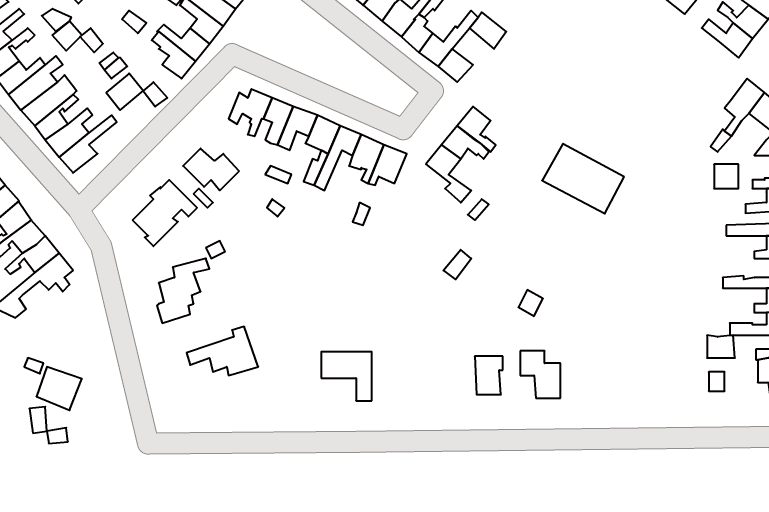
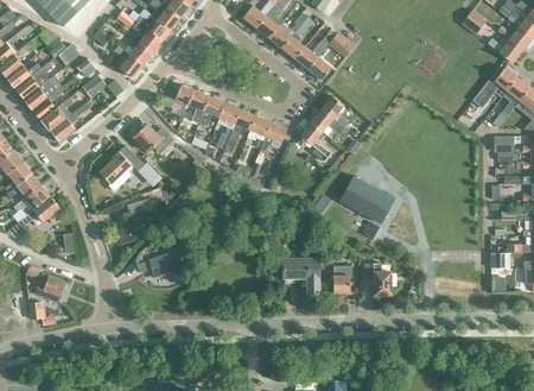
building: none -> [472,67,517,108]
building: [542,144,624,214] -> [338,176,394,223]
building: [321,352,372,401] -> [284,259,318,292]

